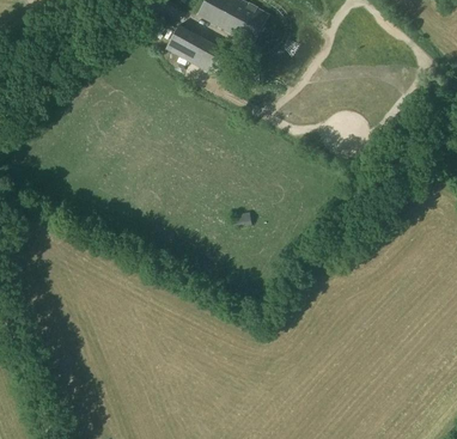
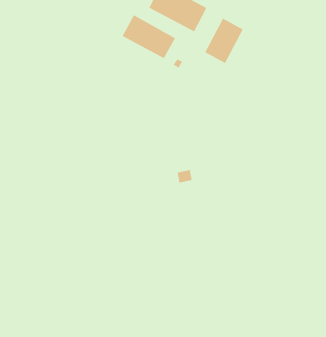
building: none -> [205,18,244,64]

